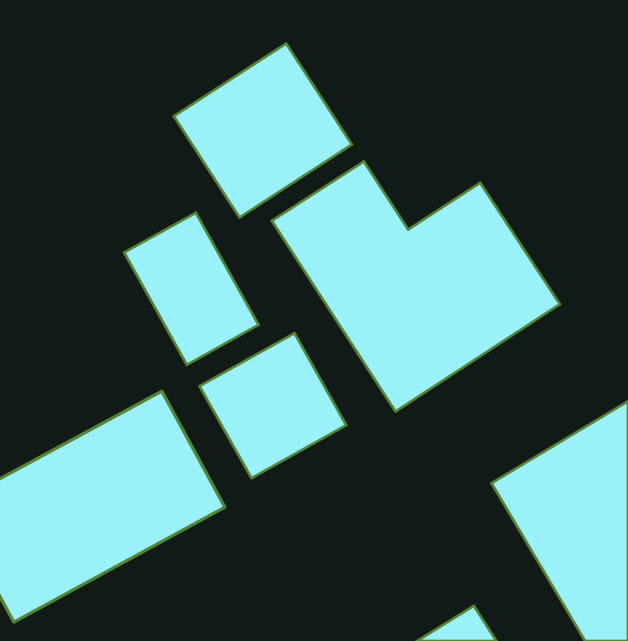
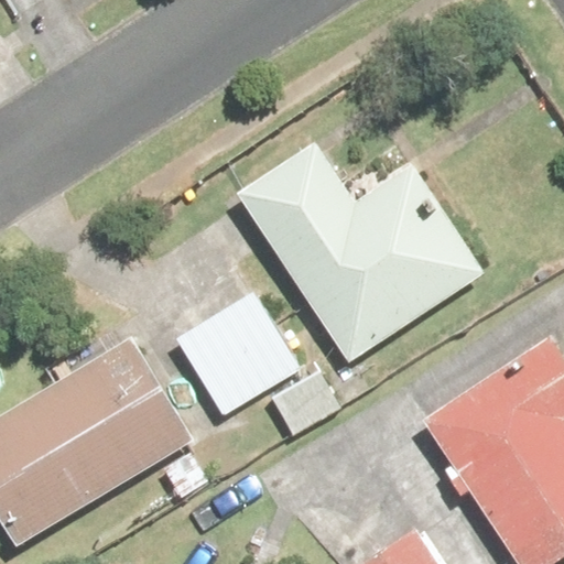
building: [174,43,352,217] -> none
building: [124,213,259,365] -> none

